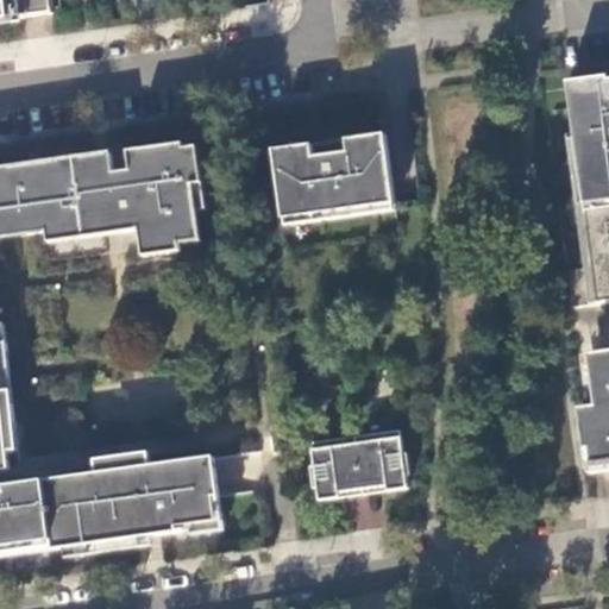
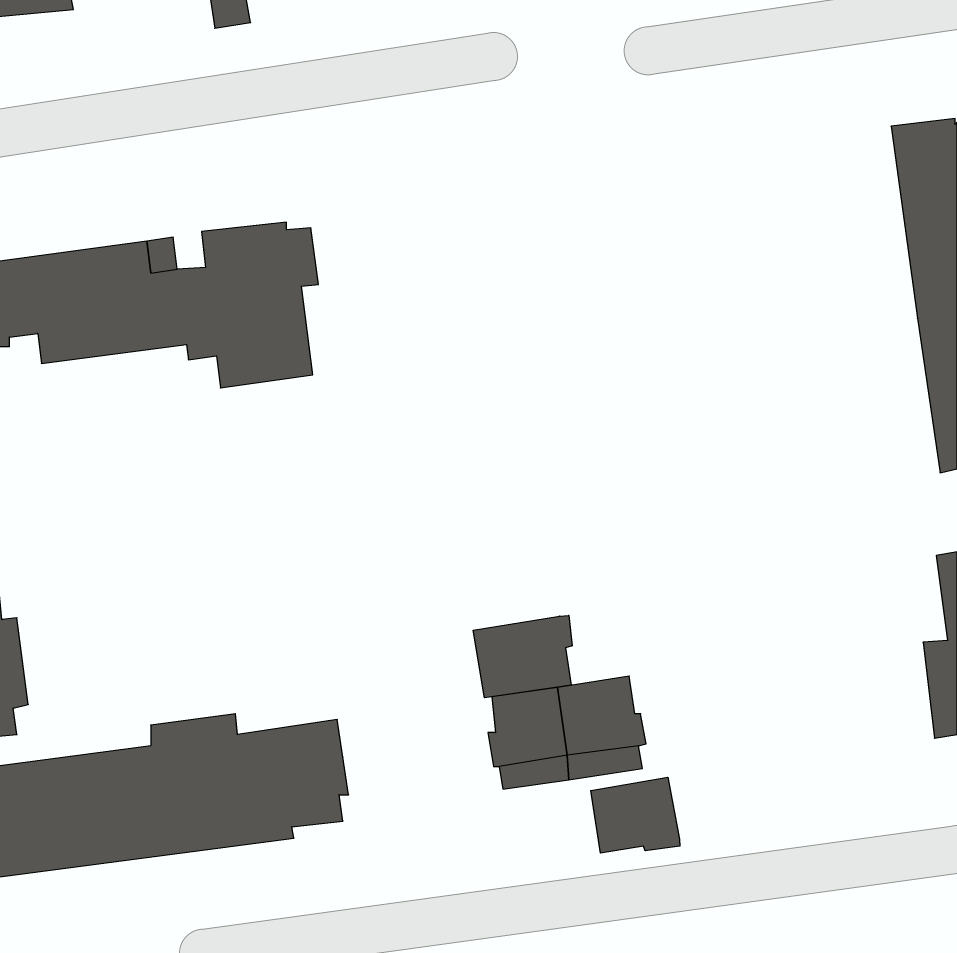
building: [272,131,391,213] -> none
building: none -> [473,615,572,698]
building: none -> [591,777,680,853]

